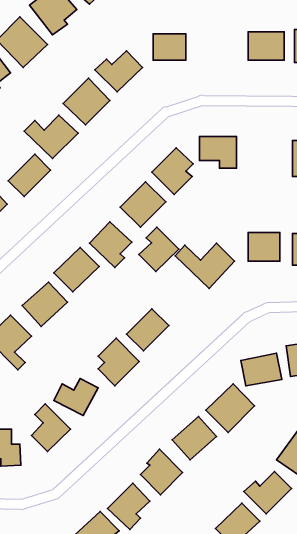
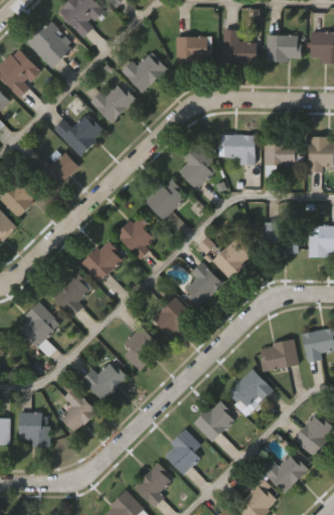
building: none -> [223,29,258,64]
building: none -> [266,138,299,166]
building: [139,227,179,272] -> [185,263,223,305]

